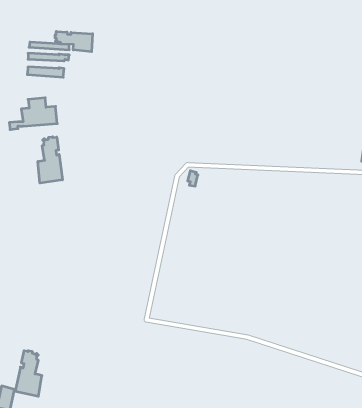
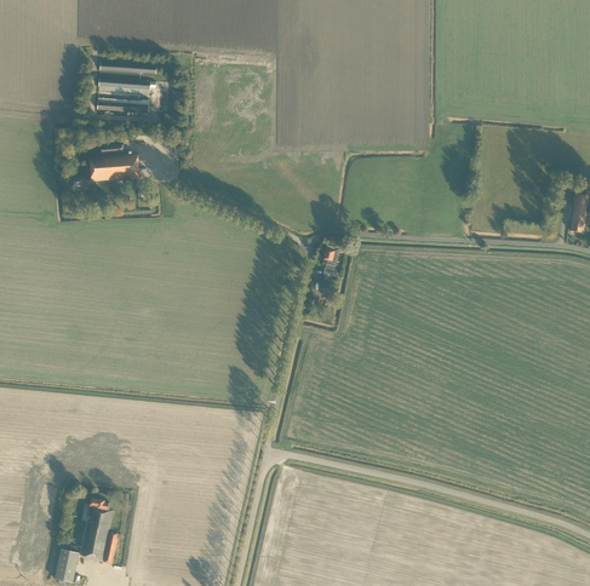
building: [55,31,93,52] -> none
building: [38,137,62,183] -> none

